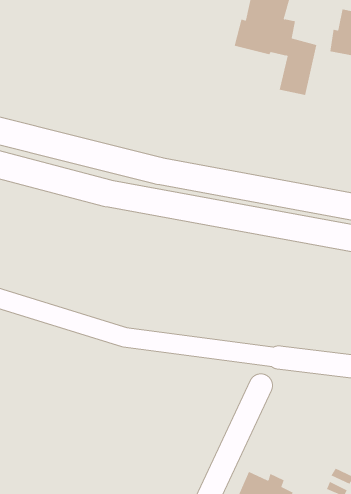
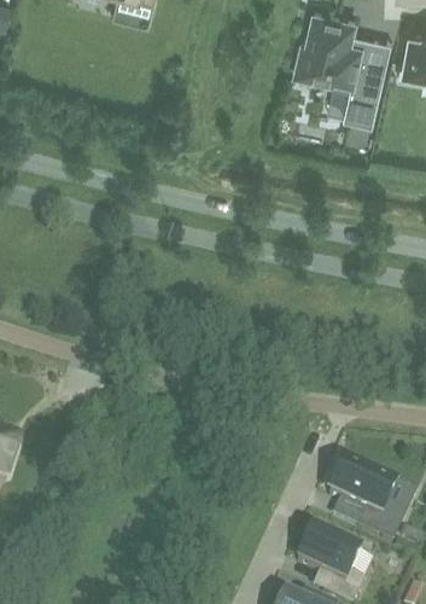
building: none -> [327,460,403,541]

